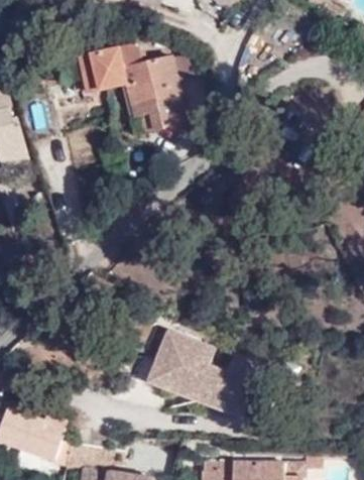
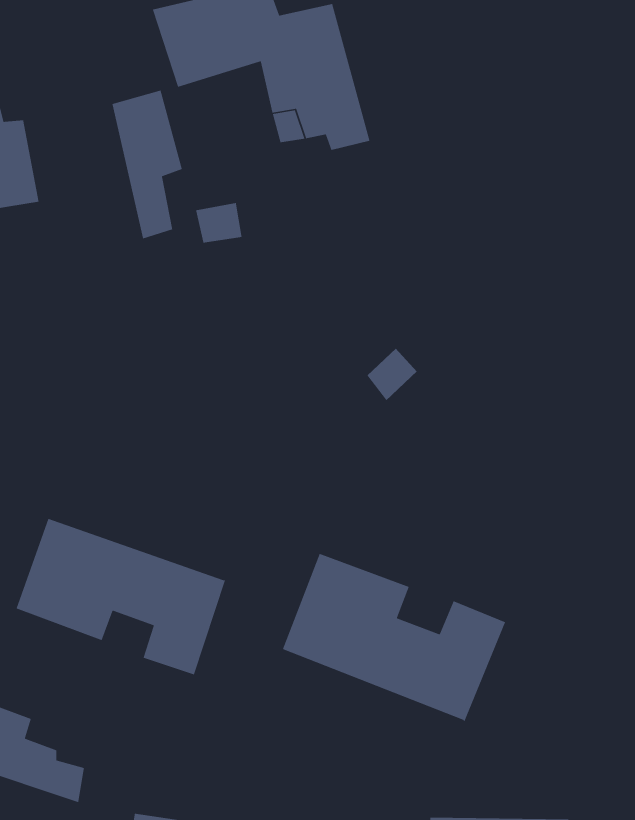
building: none -> [111,89,183,240]
building: none -> [16,518,226,676]

